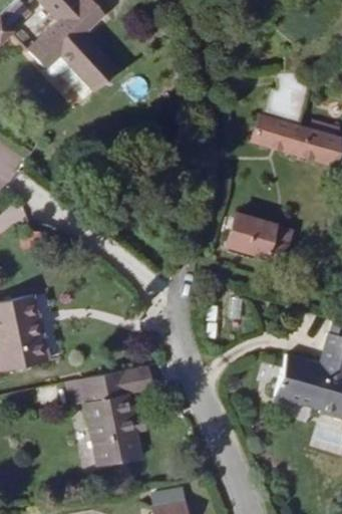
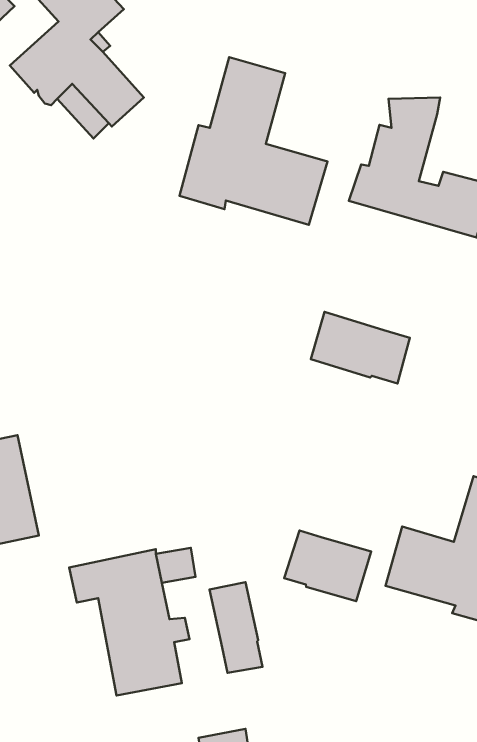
building: none -> [179,57,328,225]
building: none -> [284,530,371,601]
building: none -> [209,582,262,673]

